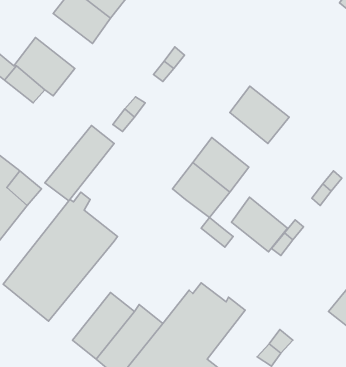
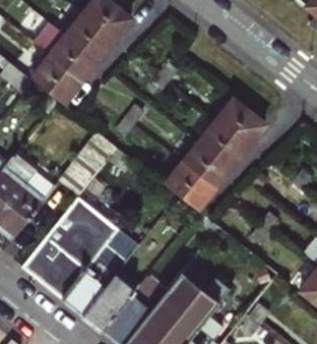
building: none -> [50,35,99,81]
building: [232,197,288,252] -> [200,119,248,166]
building: none -> [61,229,137,313]

